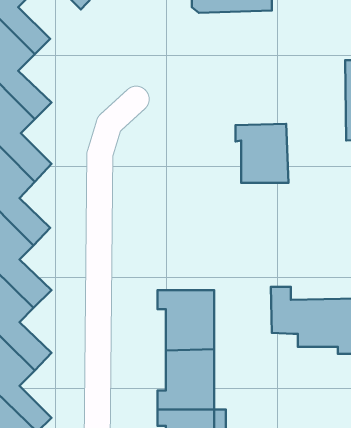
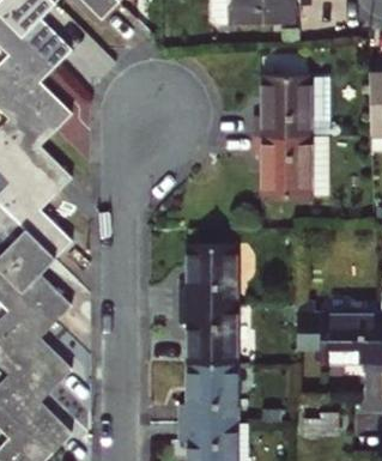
building: none -> [257,75,310,138]
building: none -> [180,245,237,305]

